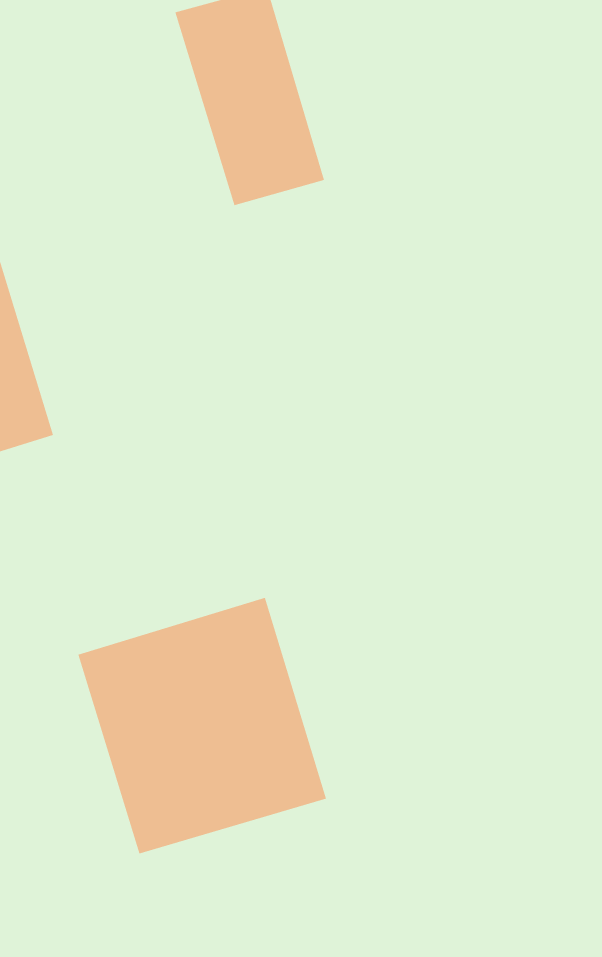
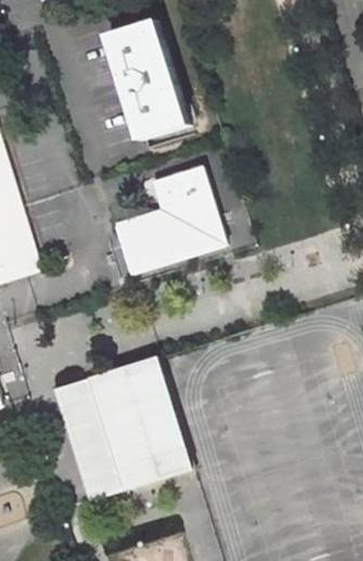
building: none -> [115,167,226,273]

